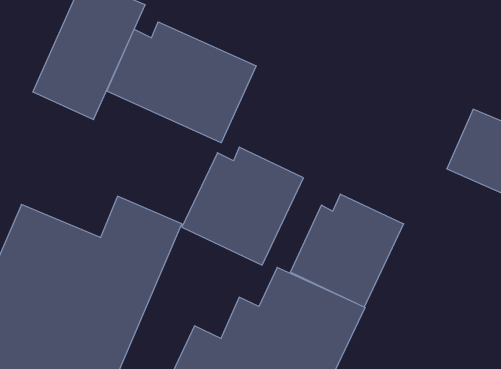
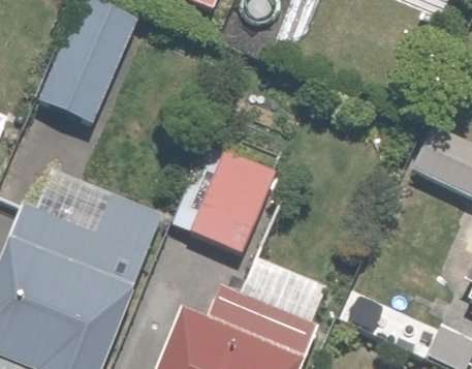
building: [107,22,256,143] -> none
building: [290,194,404,307] -> none

